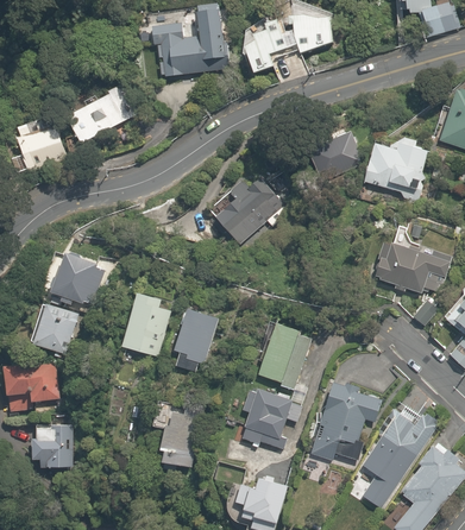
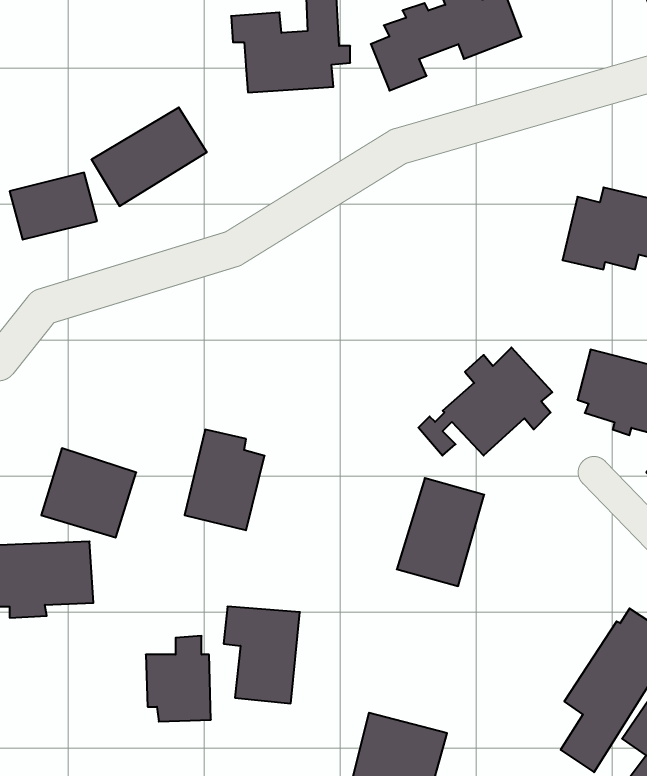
building: [315,132,352,159] -> none
building: [199,176,284,245] -> [418,347,552,456]
building: [49,254,106,308] -> none
building: [171,310,218,373] -> none
building: [310,381,383,462] -> none
building: [240,387,306,453] -> none
building: [32,415,74,469] -> [146,636,211,722]

